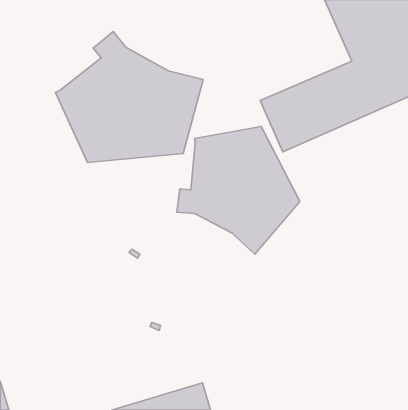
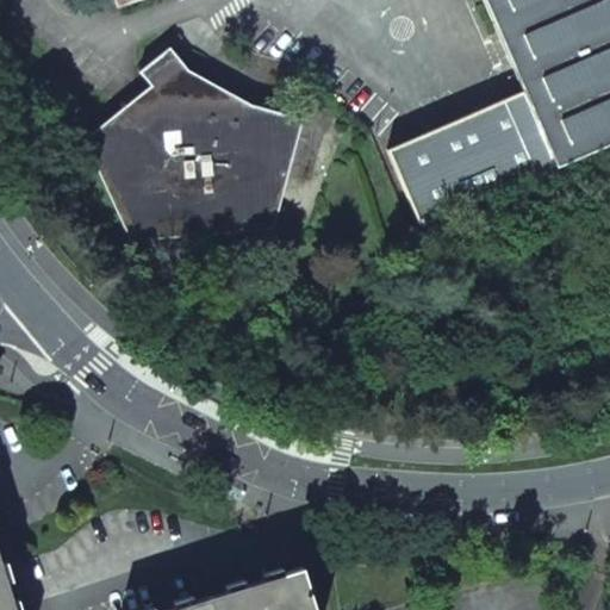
building: [177,127,300,254] -> none

